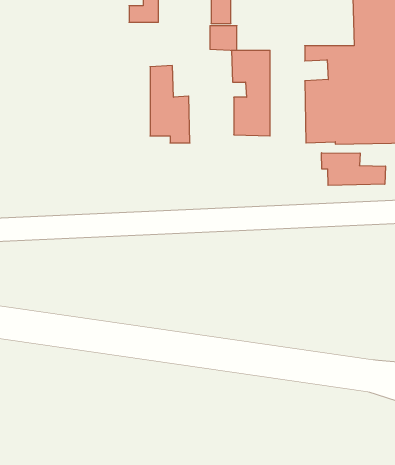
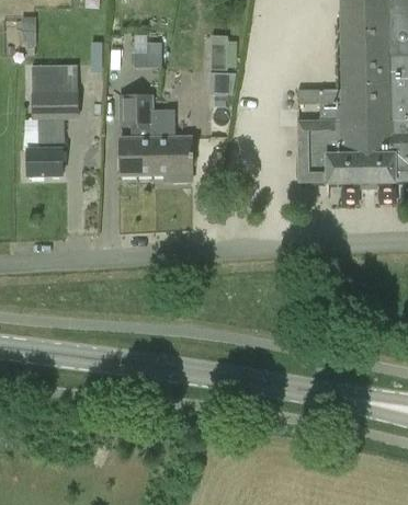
building: none -> [26,66,77,176]
building: [231,50,270,136] -> [117,94,154,174]
building: [322,153,385,185] -> none

